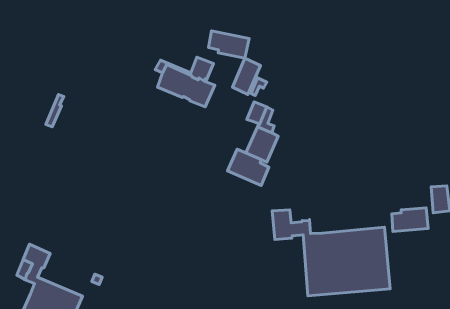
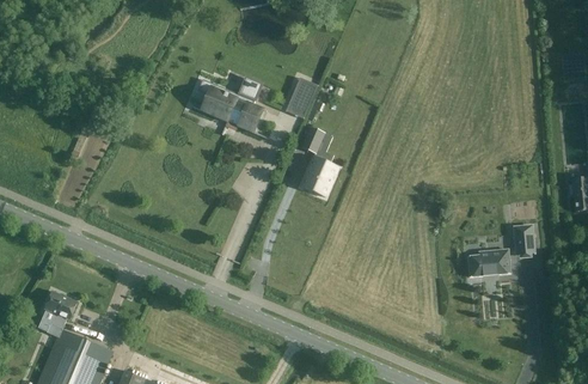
building: [209,31,249,58] -> none
building: [227,149,269,186] -> none
building: [272,210,390,296] -> none

